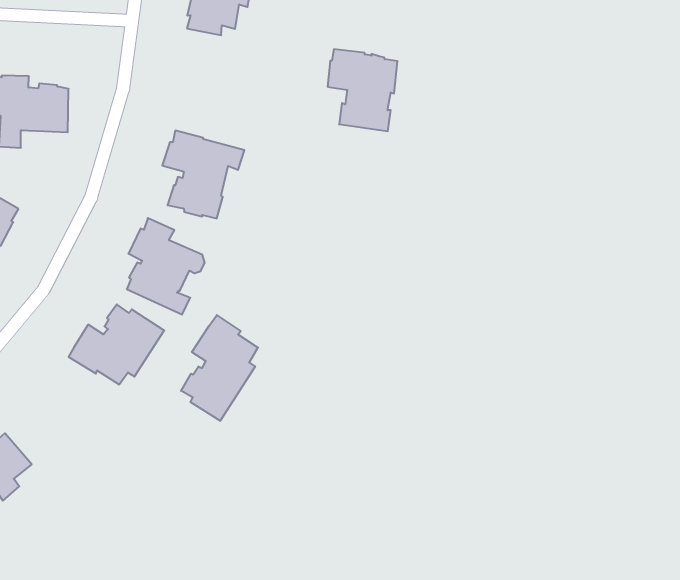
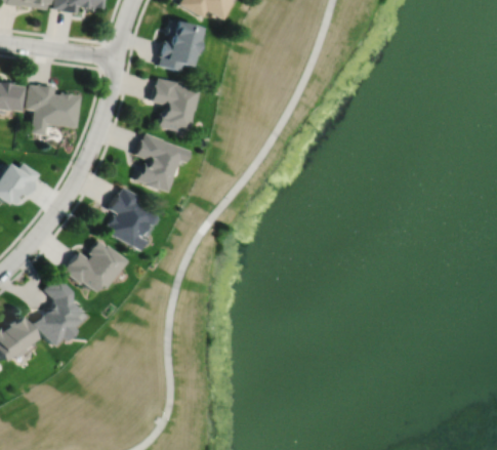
building: [328,49,398,131] -> [153,77,199,132]
building: [181,315,258,421] -> none
building: none -> [33,276,82,345]

